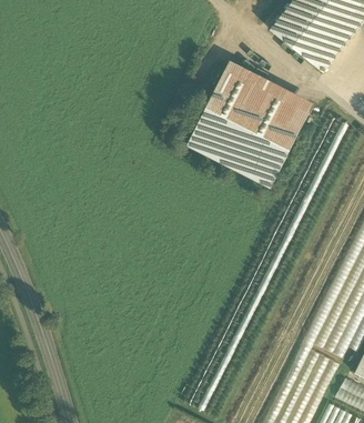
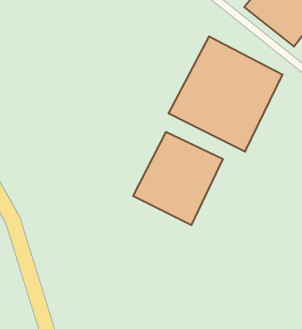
building: none -> [133,132,223,225]

